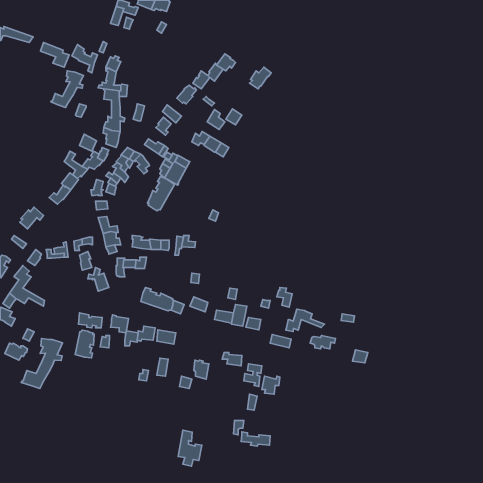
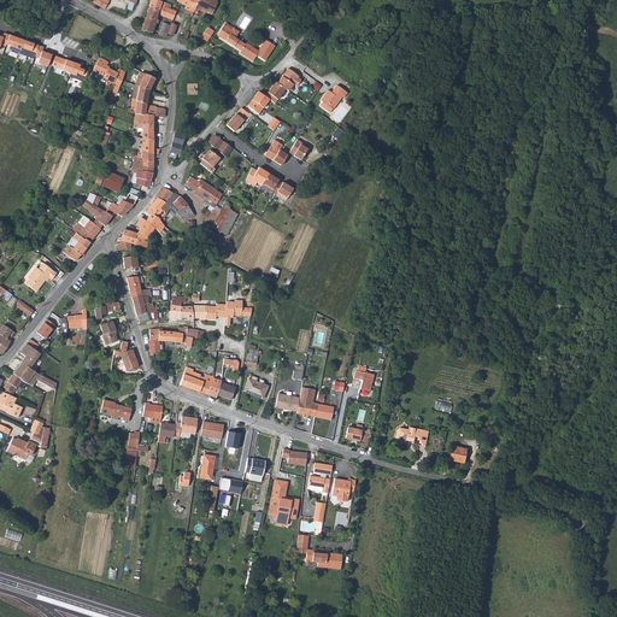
building: none -> [216,24,274,59]
building: [51,71,83,108] -> none
building: [148,176,175,211] -> none
building: [286,309,324,332] -> none
building: [75,330,94,358] -> none
building: [21,338,63,389] -> none
building: [178,430,202,466] -> [266,480,296,525]

